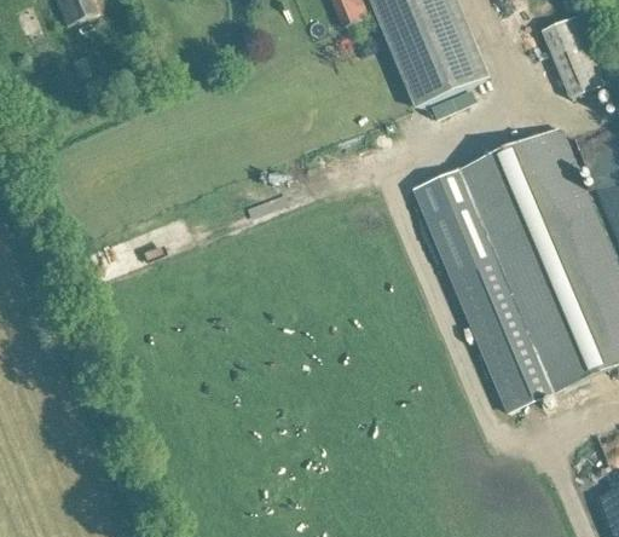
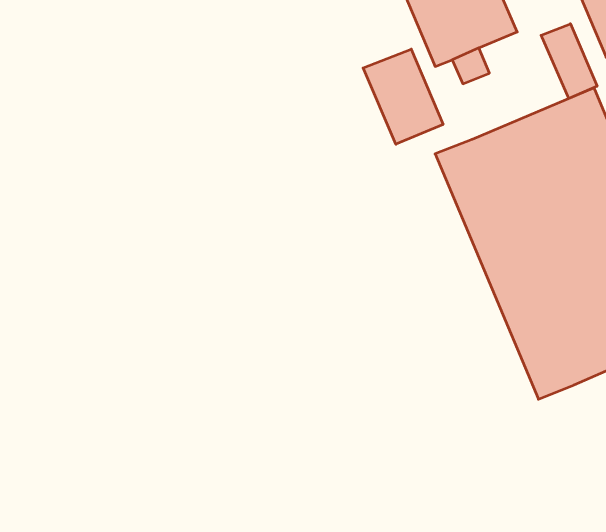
building: none -> [541,24,597,98]
building: none -> [363,49,443,144]

